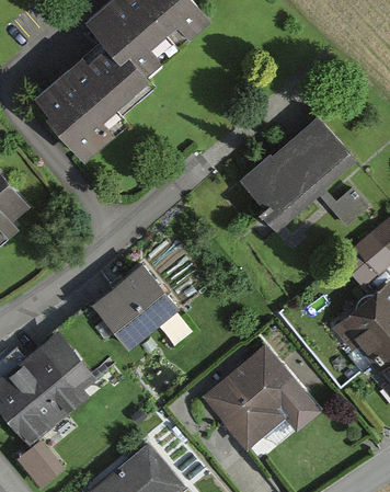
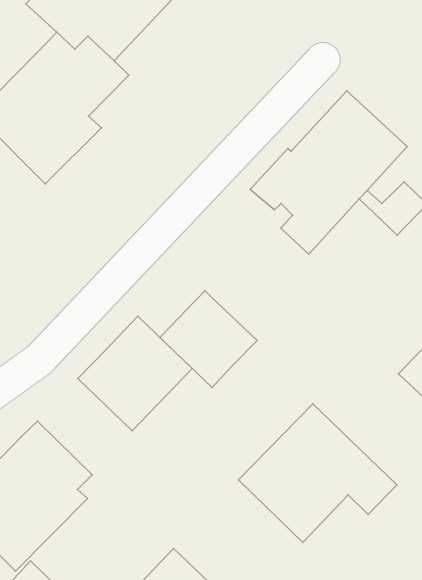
building: none -> [160,291,257,387]

